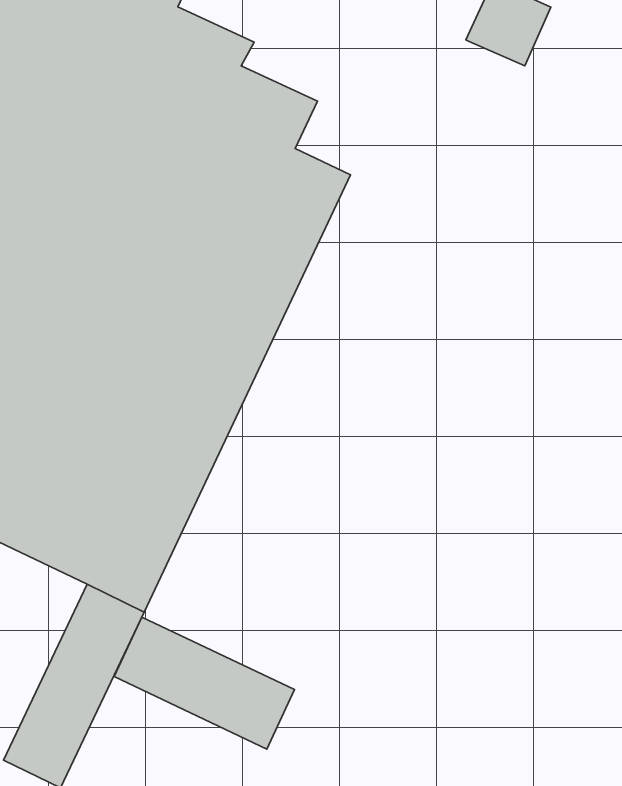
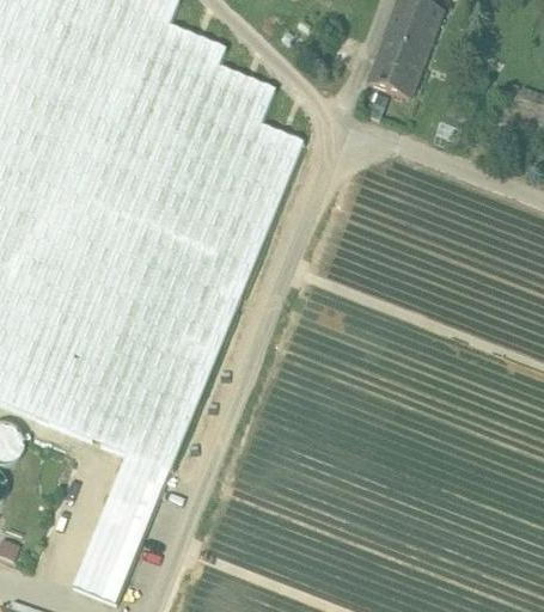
building: none -> [367,37,426,97]
building: [114,617,294,749] -> none

